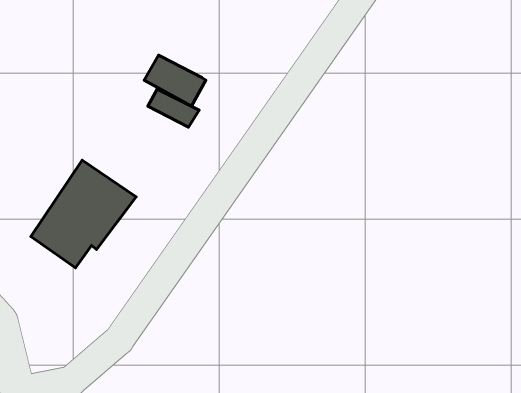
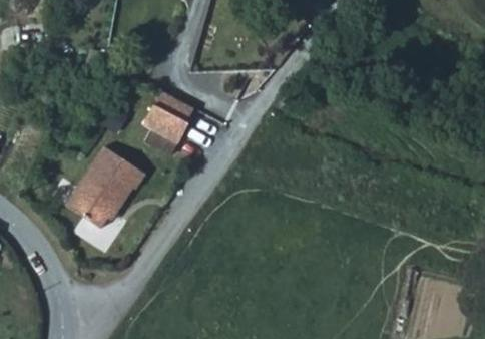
building: [144,55,206,106] -> [141,105,188,144]

